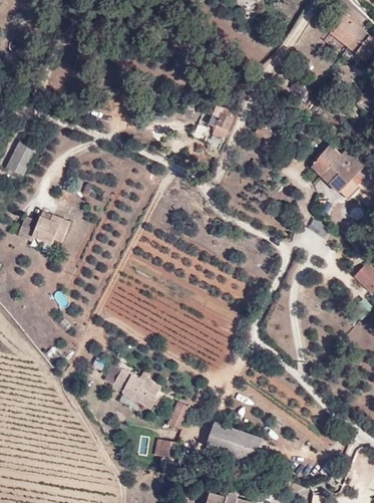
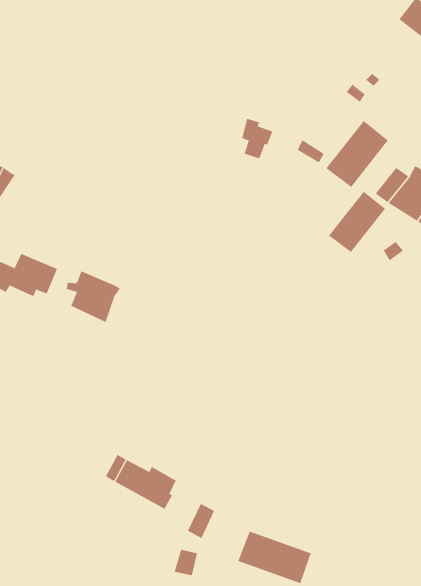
building: none -> [325,120,389,188]
building: none -> [328,191,386,253]
building: none -> [66,271,120,323]

